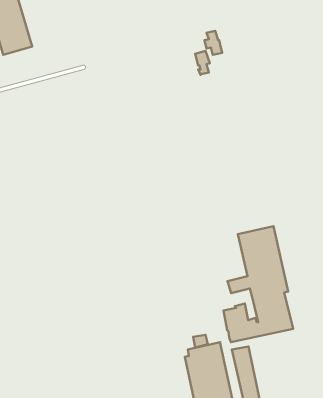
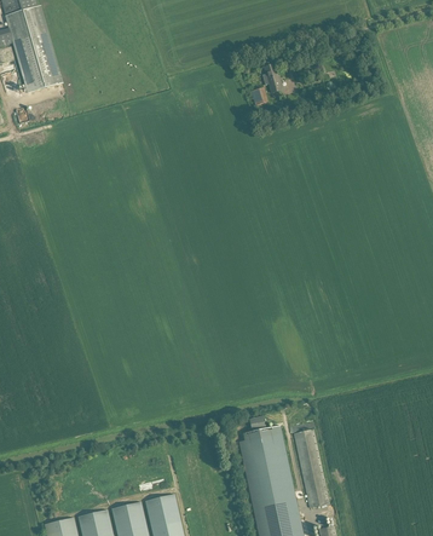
building: [223,226,293,342] -> none

